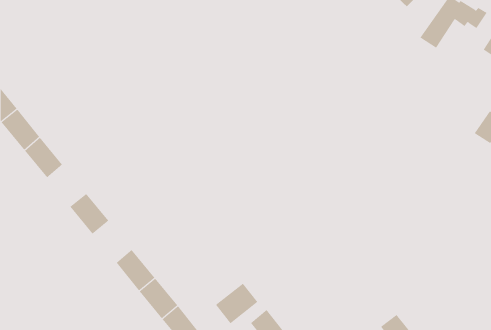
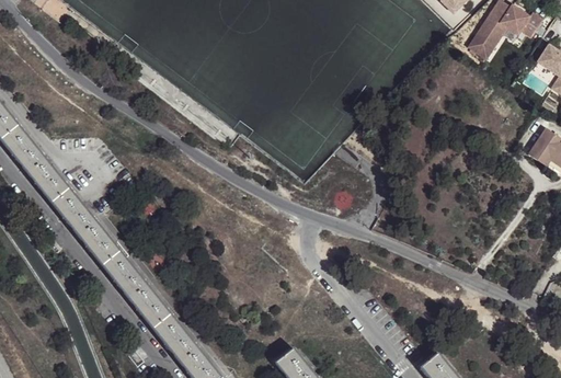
building: none -> [53,188,96,236]
building: none -> [103,251,147,298]
building: [215,283,258,324] -> none

